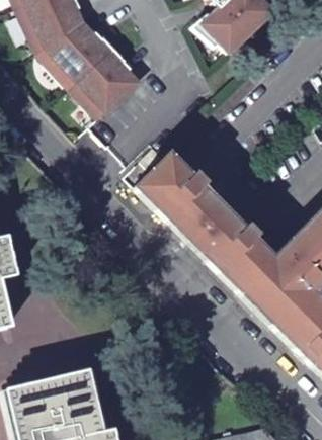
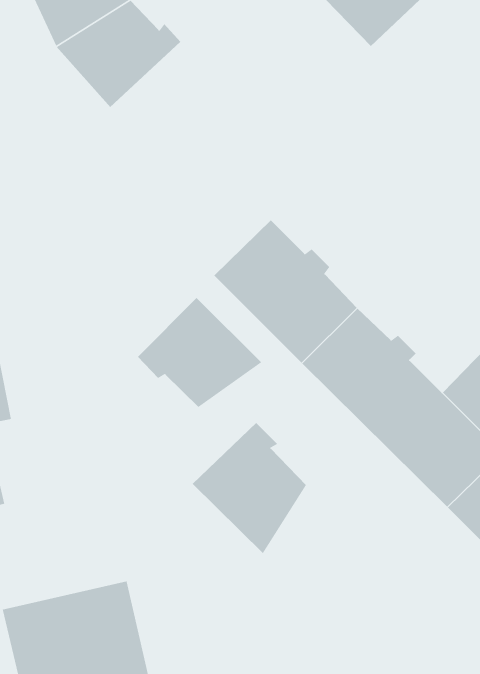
building: [73,49,140,118] -> none
building: none -> [137,297,262,408]
building: none -> [192,422,307,554]

